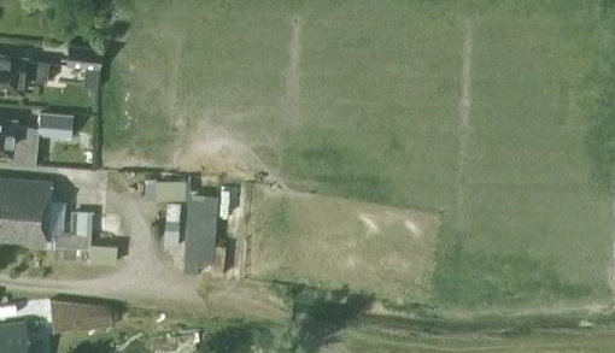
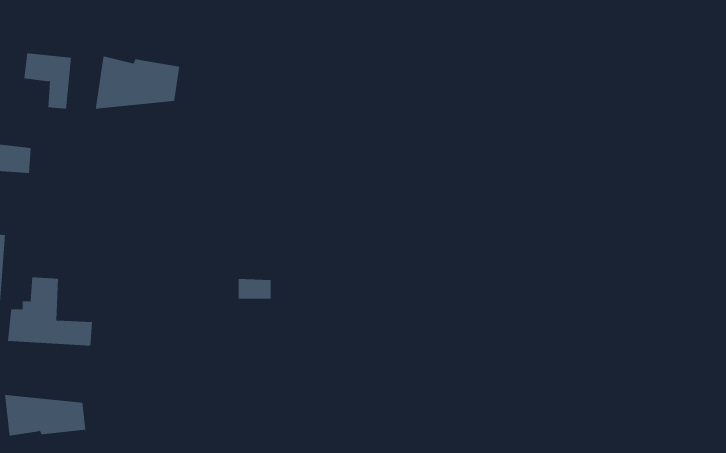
building: none -> [95,56,180,109]
building: [154,182,215,264] -> none

